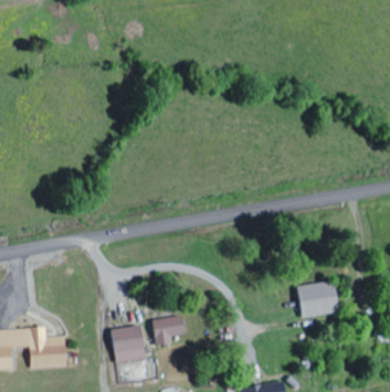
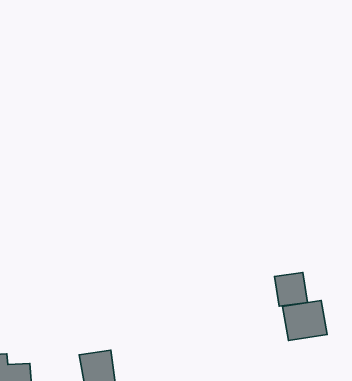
building: none -> [275,273,307,306]
building: [151,314,188,346] -> none

